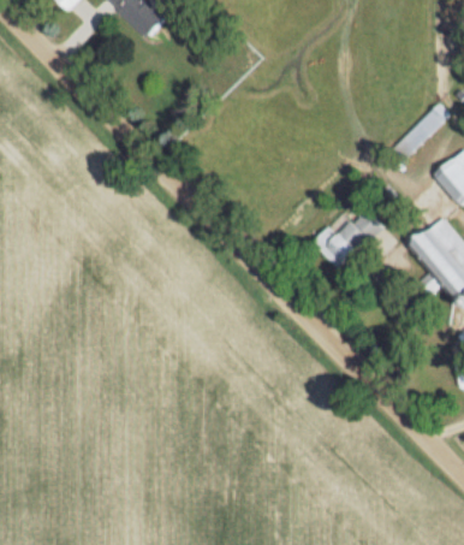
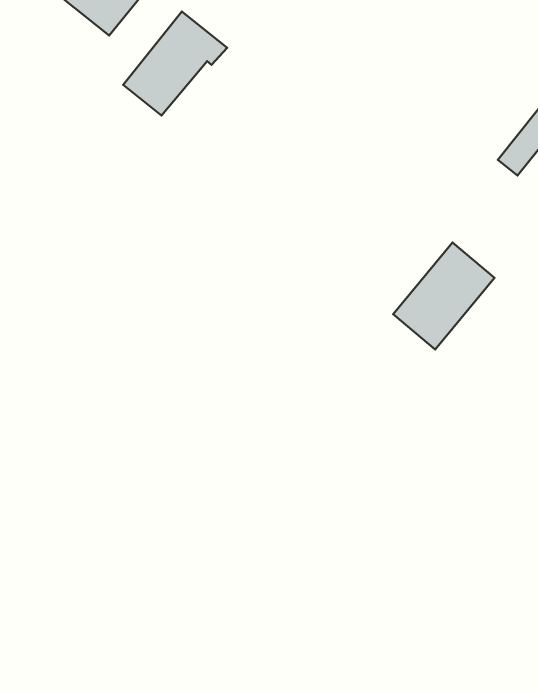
building: none -> [123,12,227,116]

